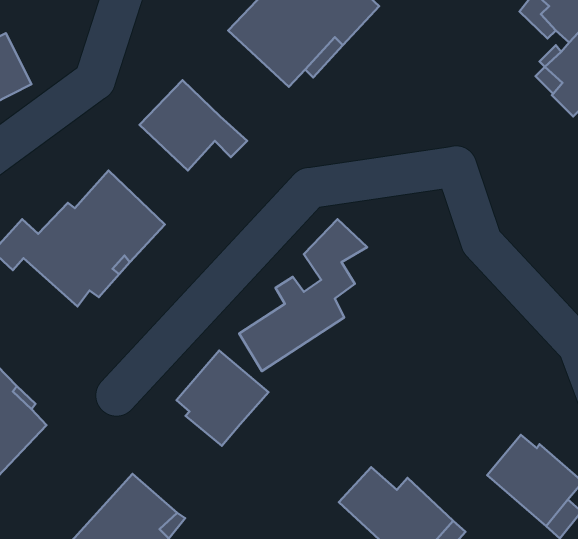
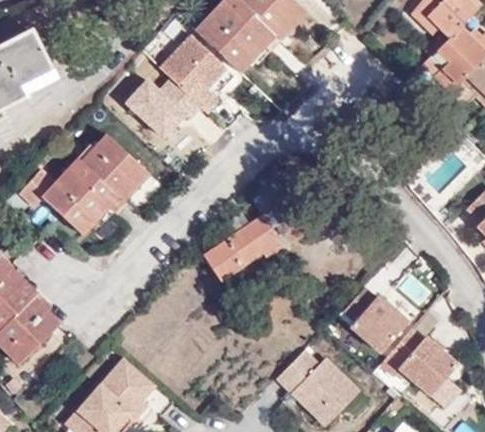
building: none -> [161,33,226,111]
building: [177,351,269,446] -> none
building: none -> [345,288,408,353]

